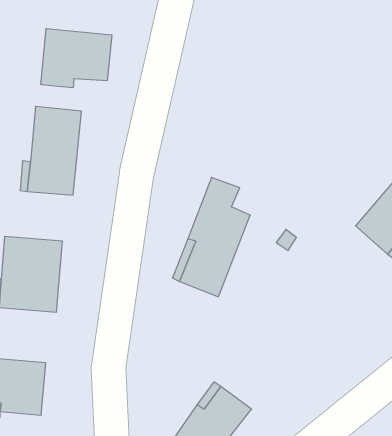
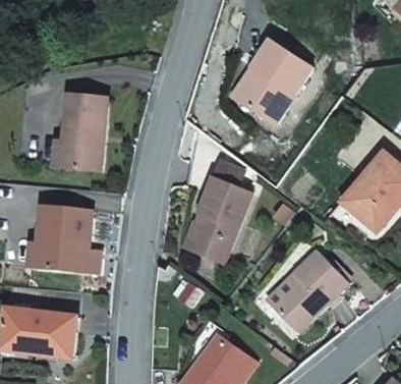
building: [41,28,112,88] -> none
building: none -> [237,37,310,121]
building: none -> [273,249,348,330]

